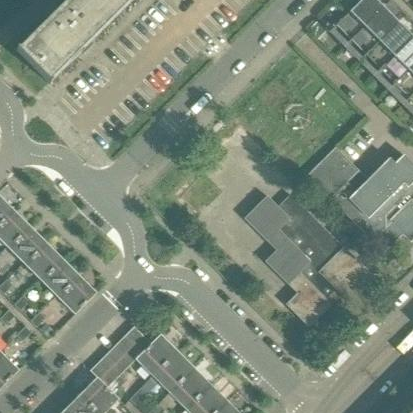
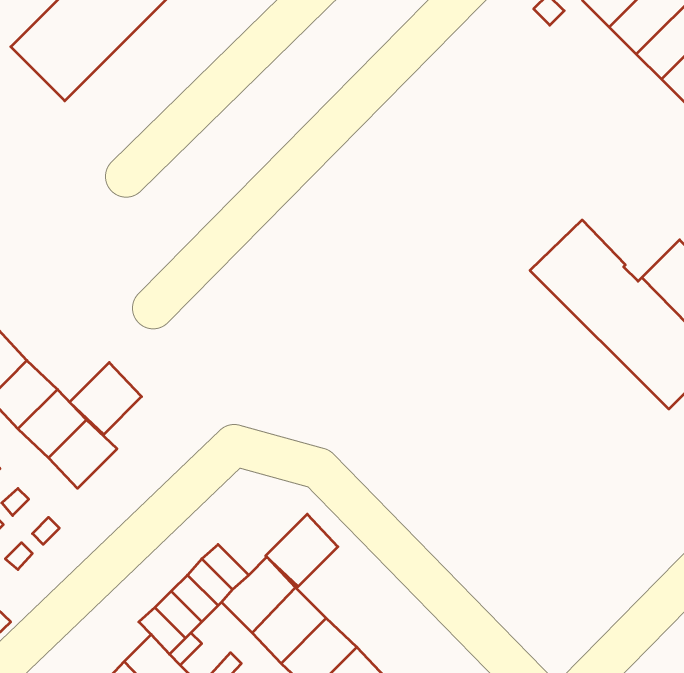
building: [243,196,373,327] -> none
building: [55,274,95,314] -> [70,362,142,434]
building: none -> [266,514,338,587]

